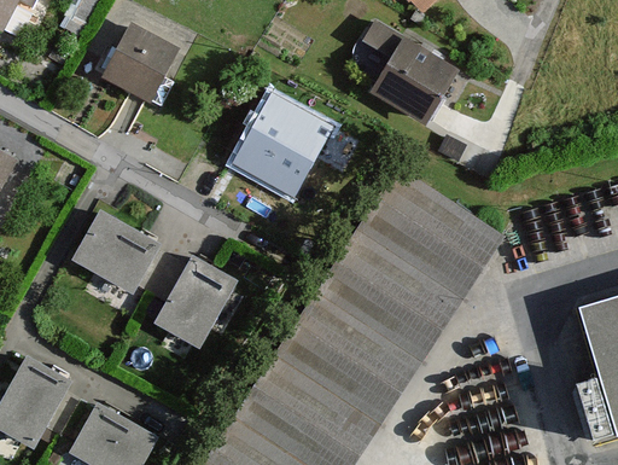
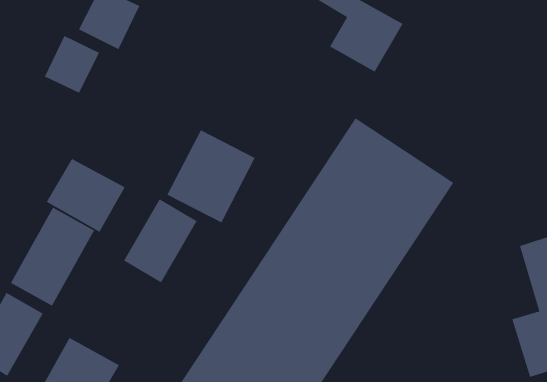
building: none -> [44,35,100,94]
building: [233,95,328,196] -> [167,130,256,223]
building: none -> [10,207,95,306]

